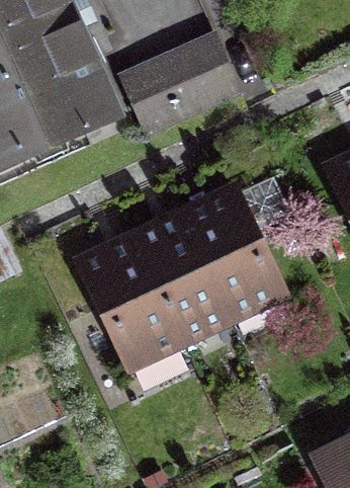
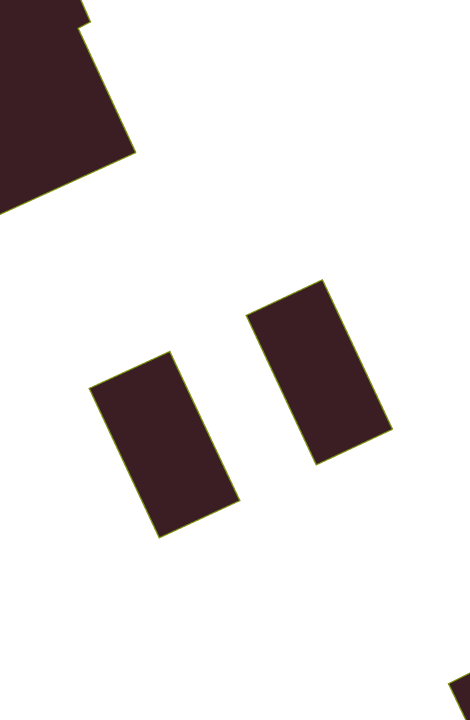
building: [130,35,242,130] -> none
building: [136,219,231,339] -> none

